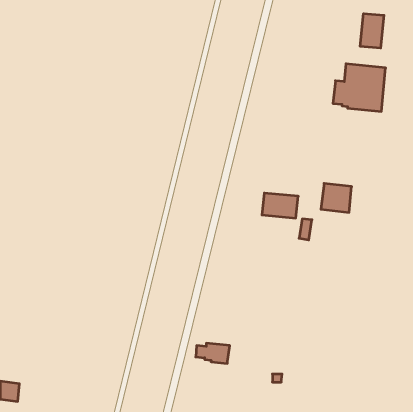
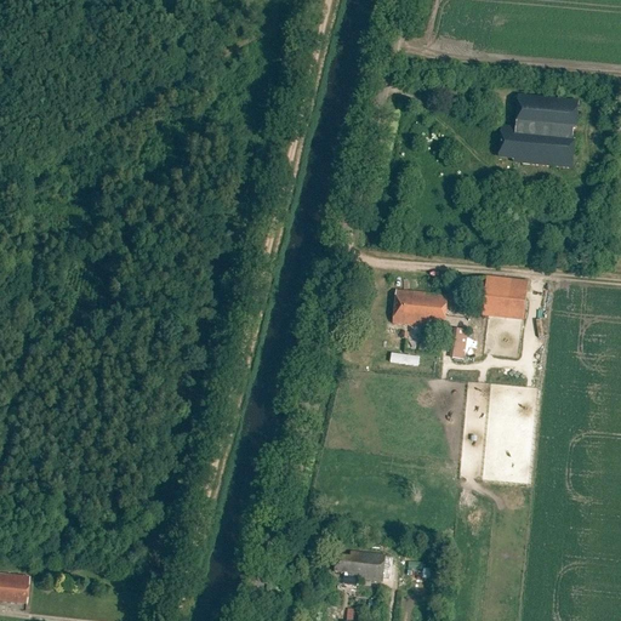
building: [360,14,384,48] -> none
building: [196,343,230,363] -> [335,551,386,581]

